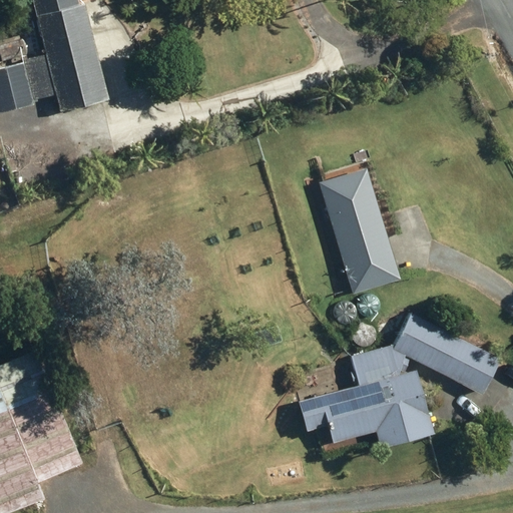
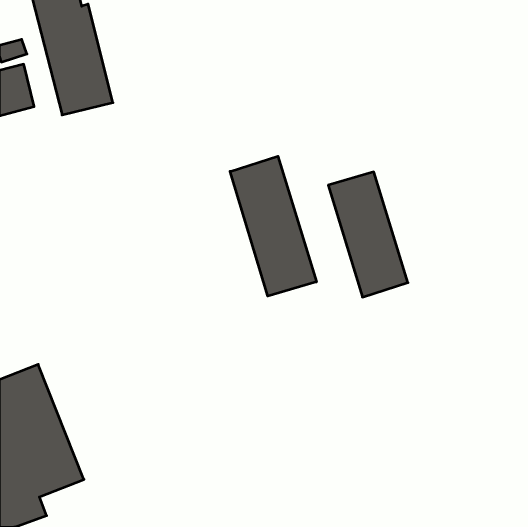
building: none -> [230,156,316,296]
building: [300,314,502,451] -> none

